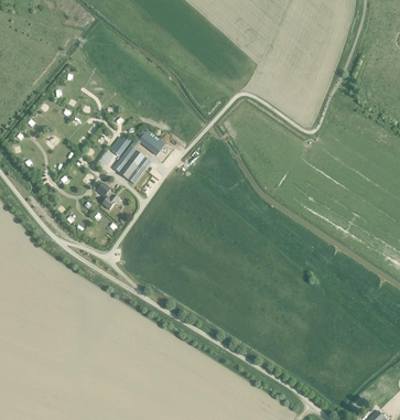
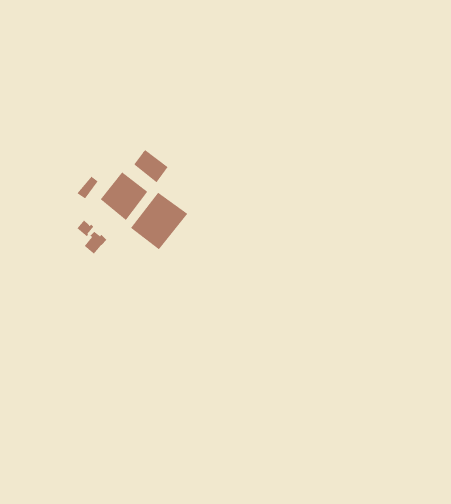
building: none -> [130,192,188,250]

